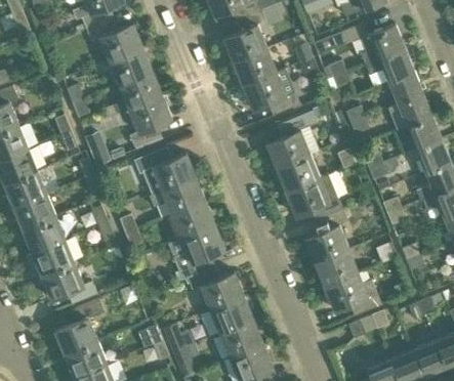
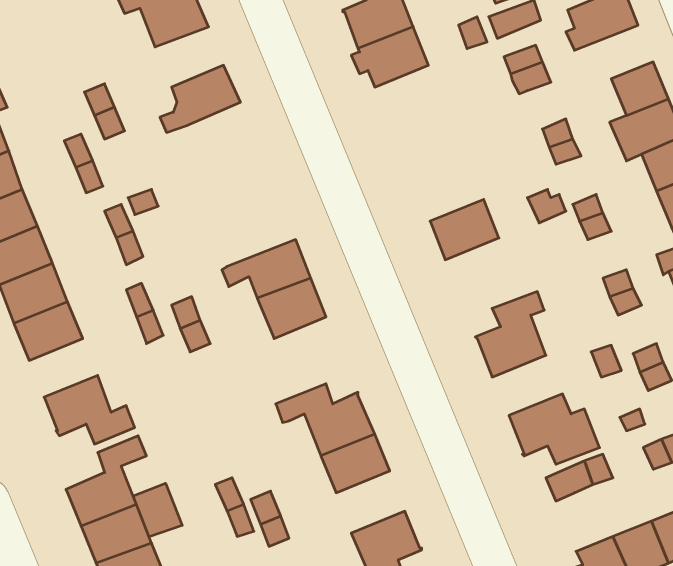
building: [365,48,413,81] -> none
building: [109,49,151,86] -> none
building: [243,73,299,117] -> none
building: [128,95,171,149] -> none
building: [266,111,318,168] -> none
building: [138,149,195,196] -> none
building: [286,175,342,221] -> none
building: [172,226,223,280] -> none
building: [27,240,74,276] -> none
building: [315,250,358,287] -> none
building: [219,321,261,358] -> none
building: none -> [133,483,182,537]

